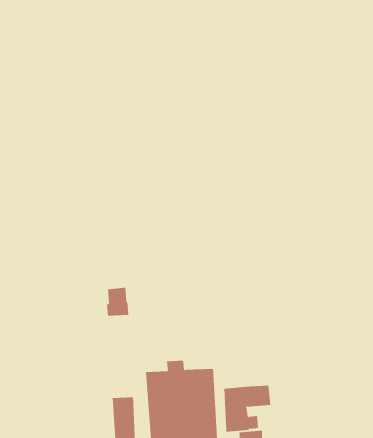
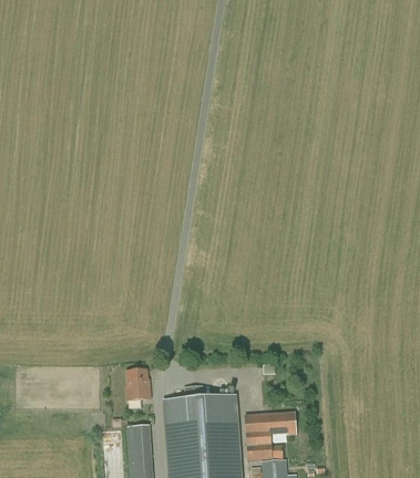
building: [106,287,129,316] -> [127,368,152,399]

